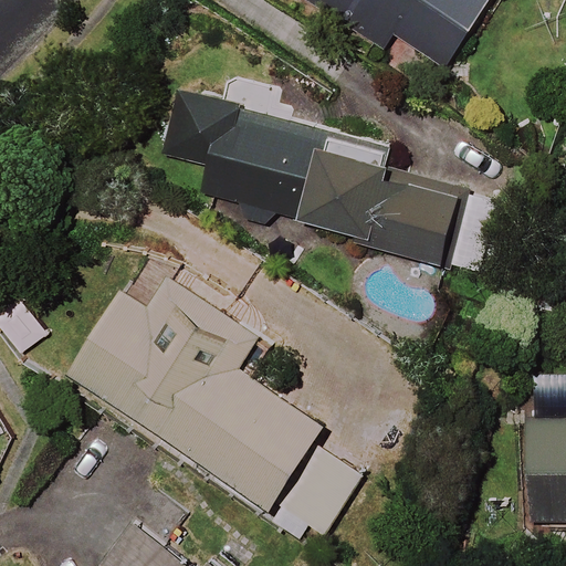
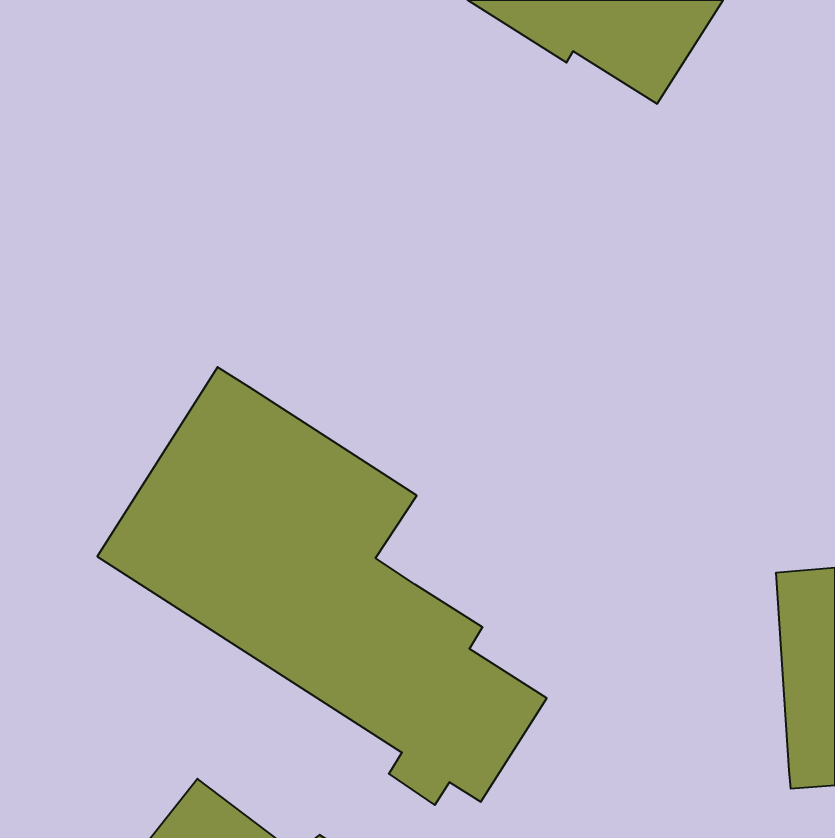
building: [163,95,460,259] -> none

